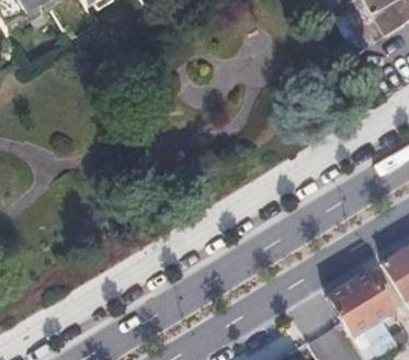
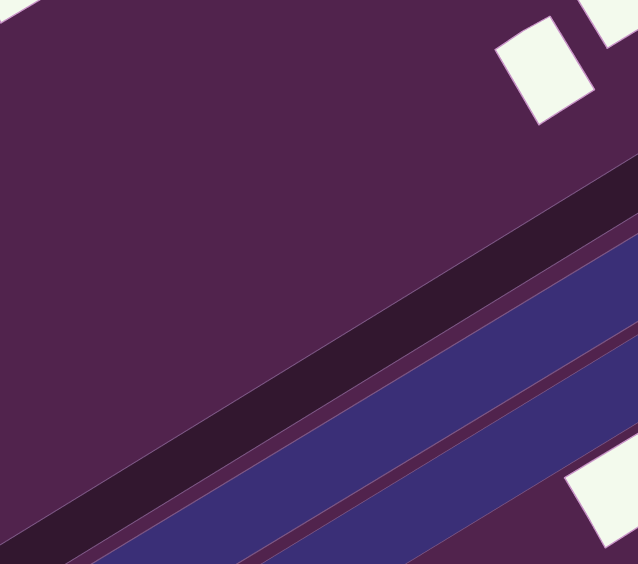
building: none -> [495,16,594,125]

